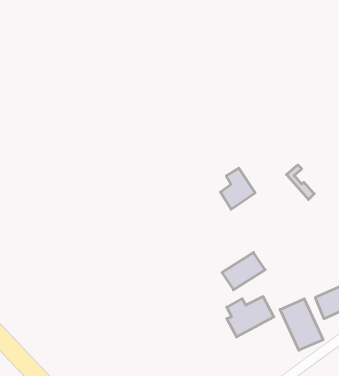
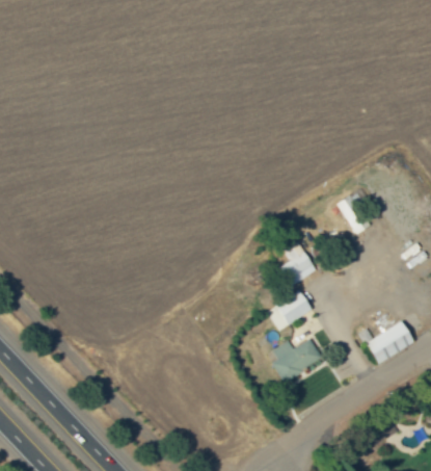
building: [220,168,255,209] -> [279,242,317,287]
building: [280,299,323,350] -> none

